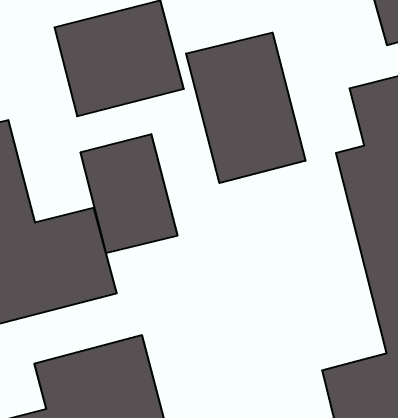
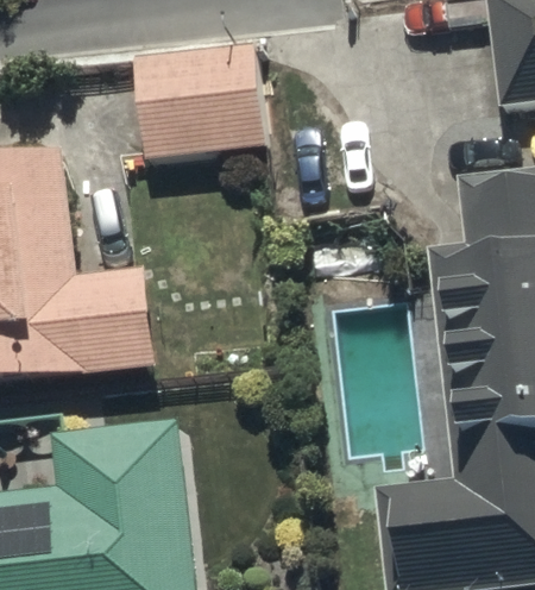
building: [186,33,305,183] -> none
building: [81,134,177,253] -> none

